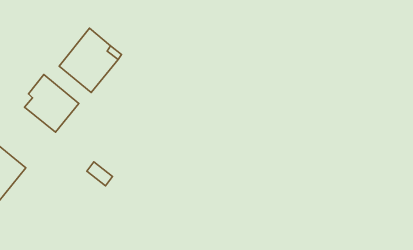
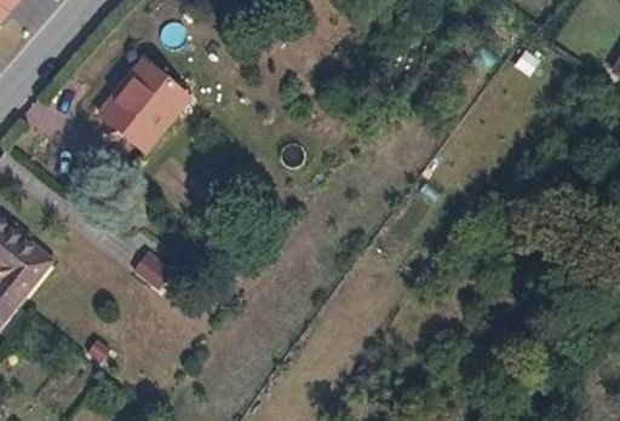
building: [25,75,79,132] -> none

